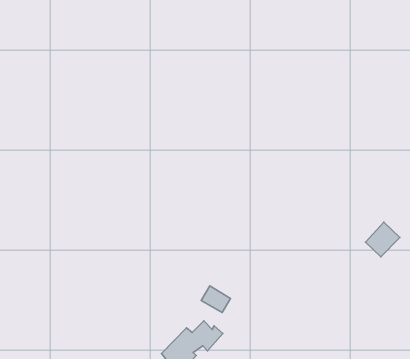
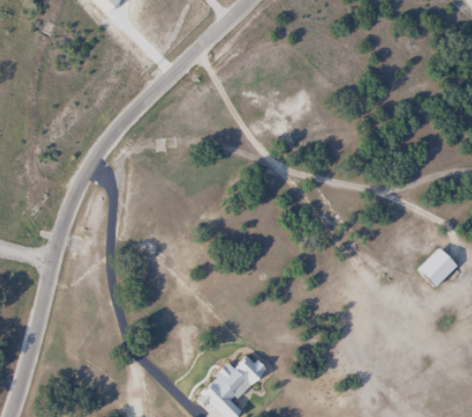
building: [201,286,231,313] -> none

